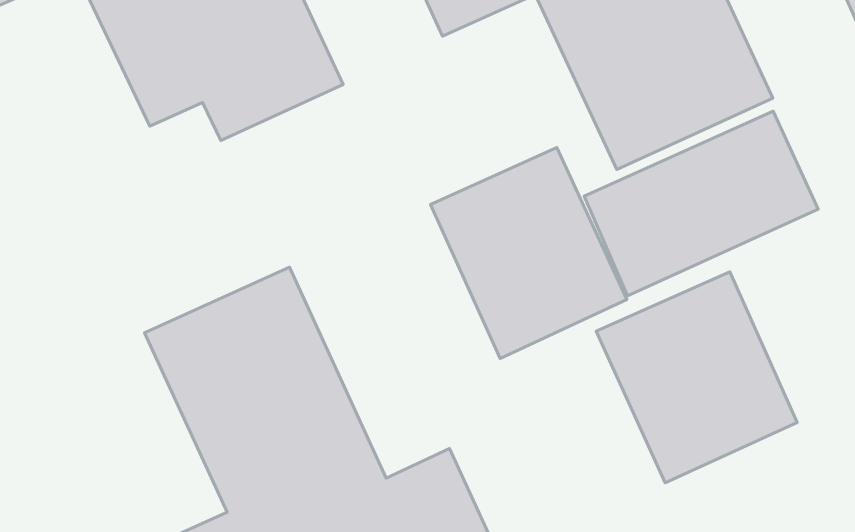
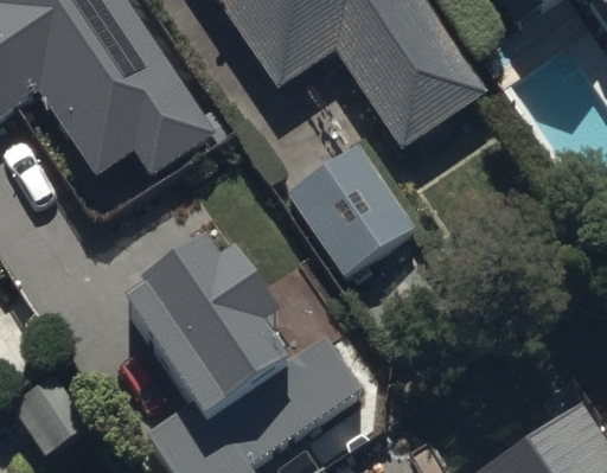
building: [584,111,818,296] -> none
building: [596,272,797,483] -> none

